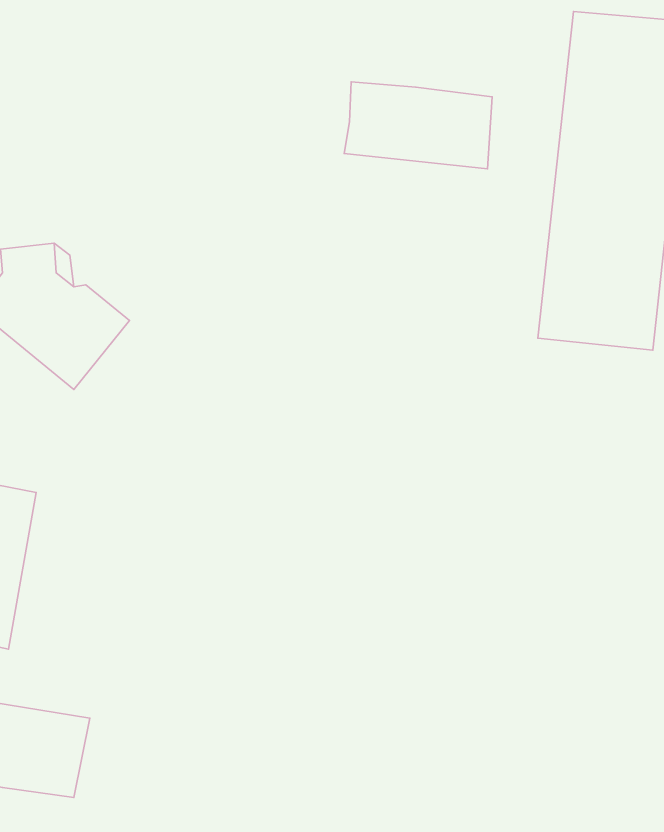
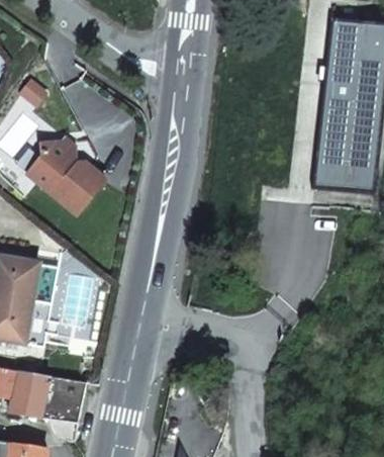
building: [344,82,492,169] -> none

